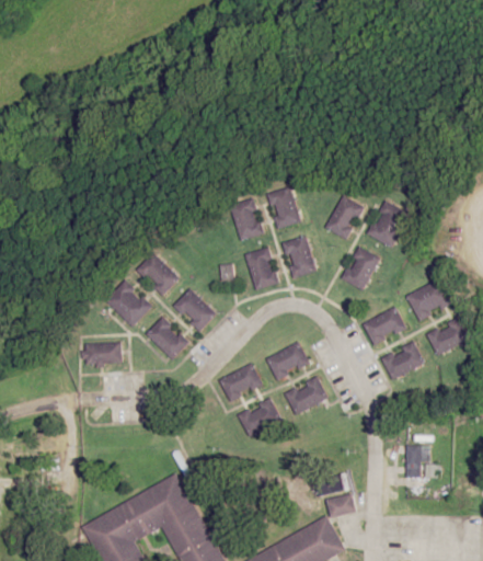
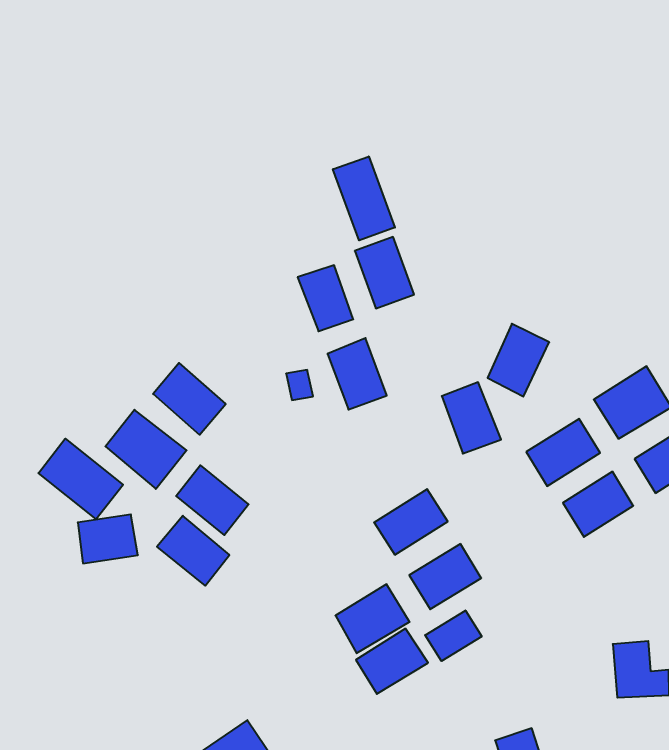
building: none -> [333,156,395,240]
building: [326,195,366,239] -> none
building: [367,199,411,247] -> none
building: [283,236,317,278] -> [442,382,501,454]
building: [173,287,217,331] -> [157,516,229,586]
building: none -> [38,439,123,519]
building: [219,363,263,401] -> [356,629,428,694]
building: none -> [425,610,482,661]

